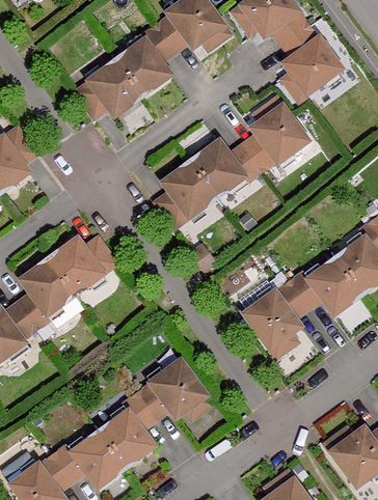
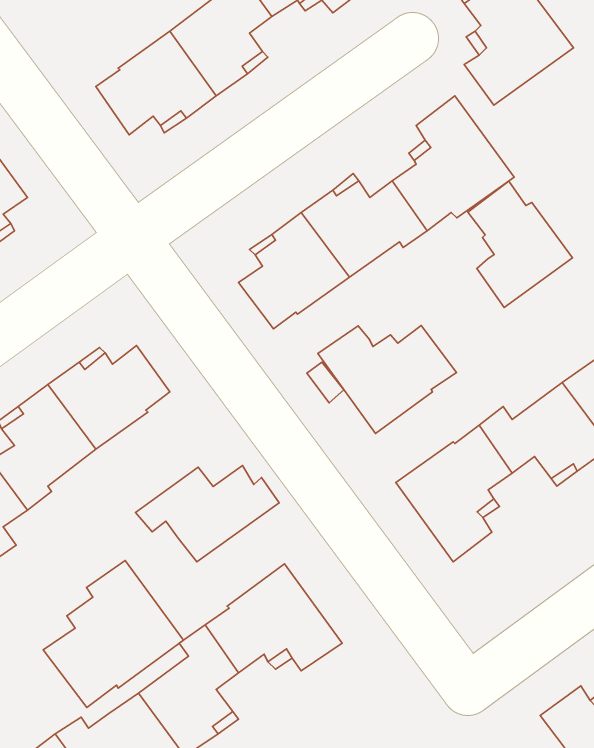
building: none -> [468,181,573,308]
building: none -> [318,325,457,434]
building: none -> [135,466,279,562]
building: none -> [43,561,184,708]

